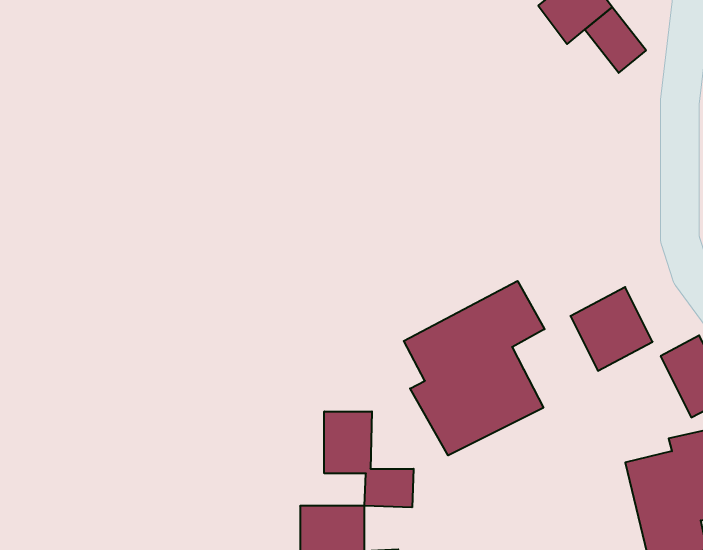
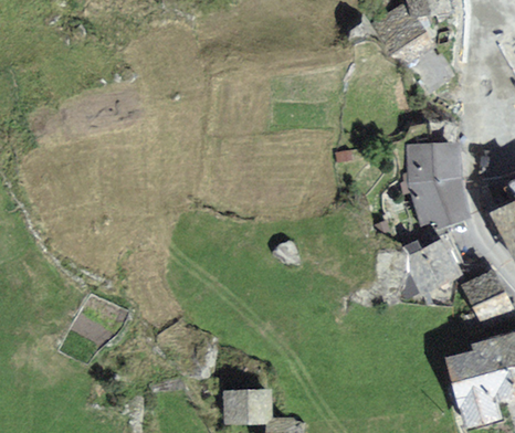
building: none -> [409,142,467,229]
building: [404,281,545,455] -> none
building: [324,411,414,507] -> none

